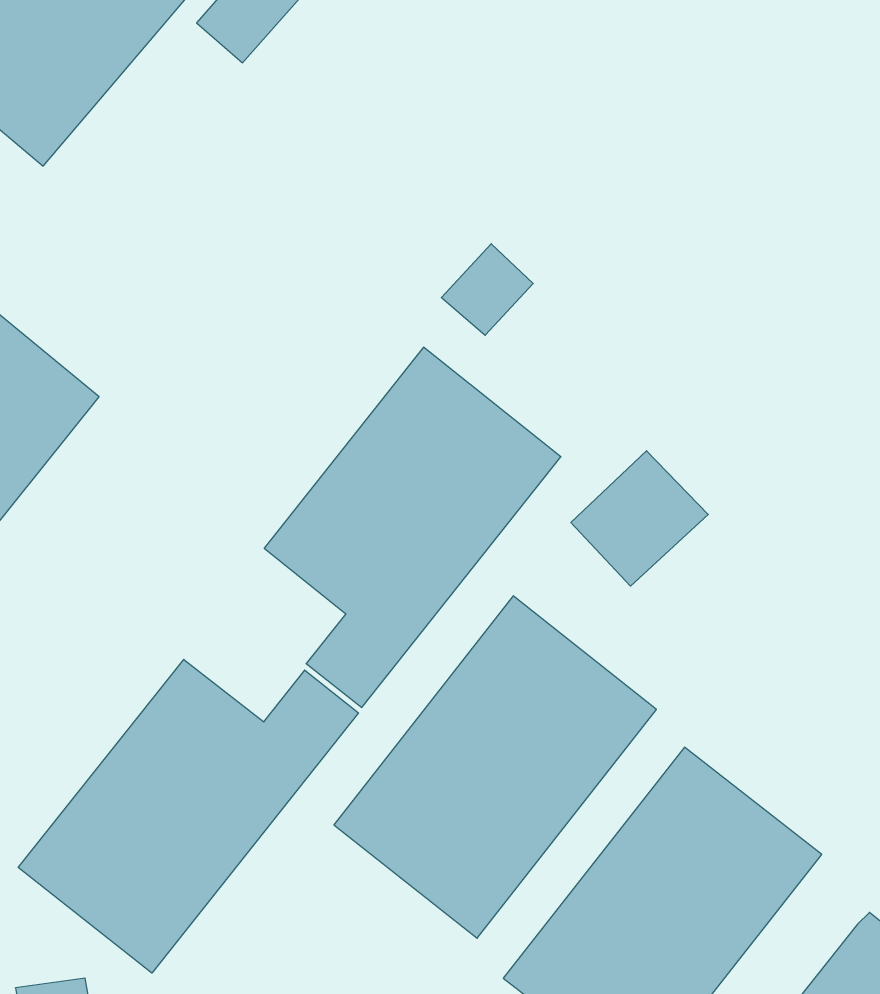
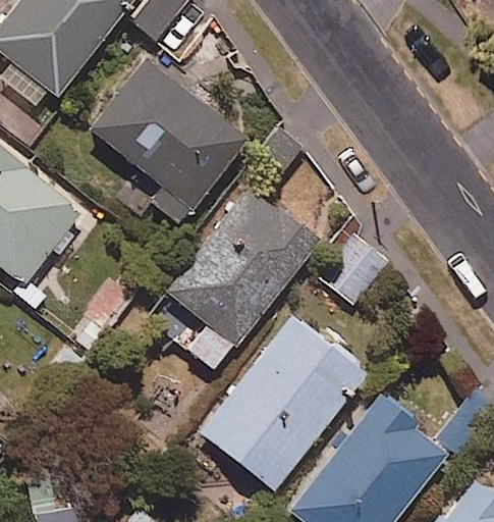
building: none -> [89,55,250,224]
building: [18,659,358,973] -> none

